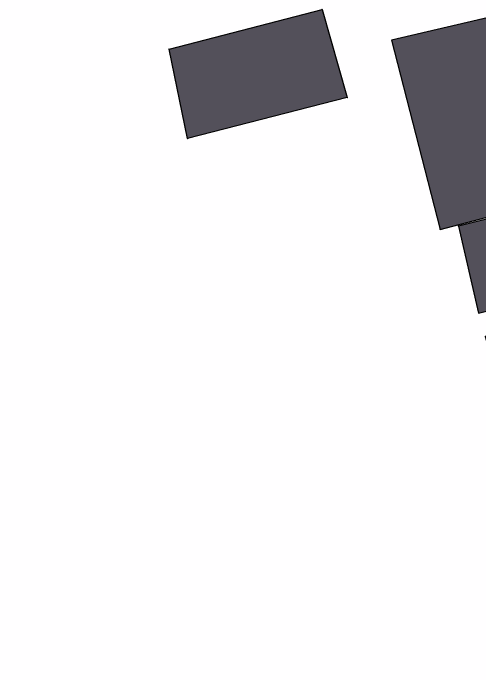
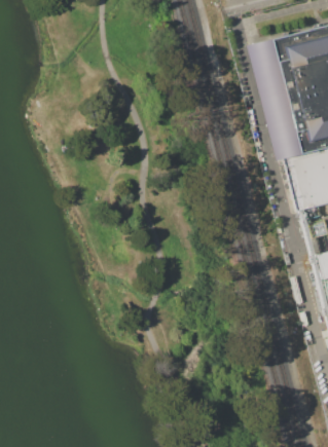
building: [169,9,347,139] -> none

